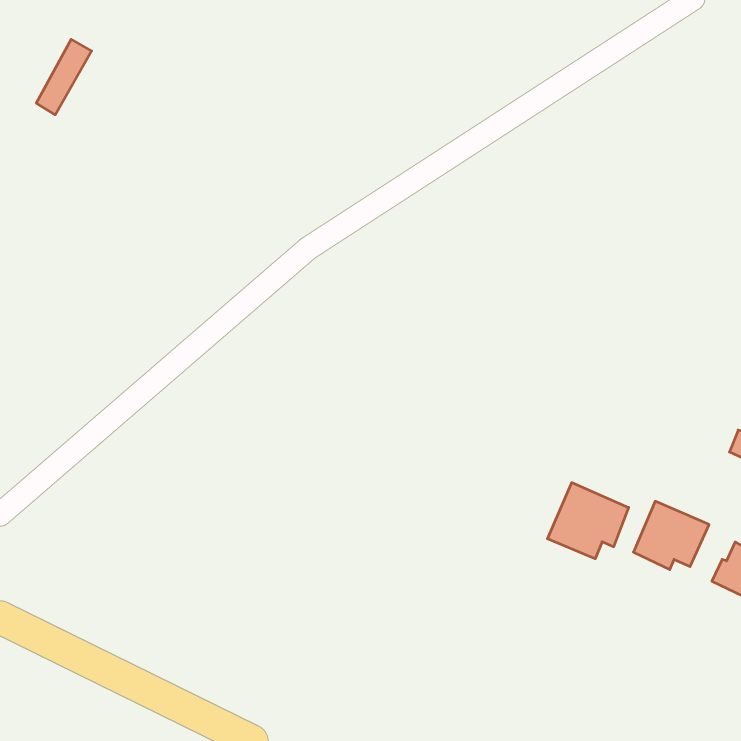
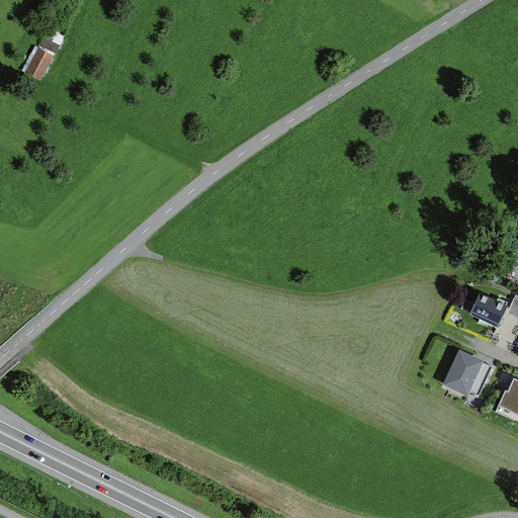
building: none -> [467,293,505,326]
building: [547,483,629,559] -> none

